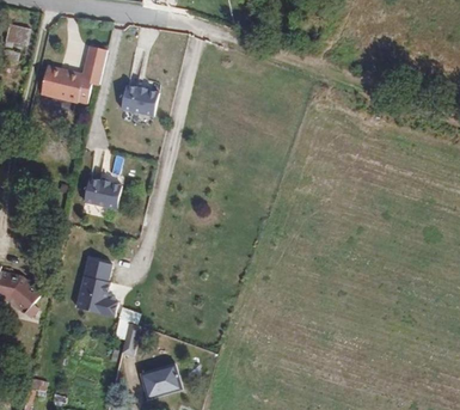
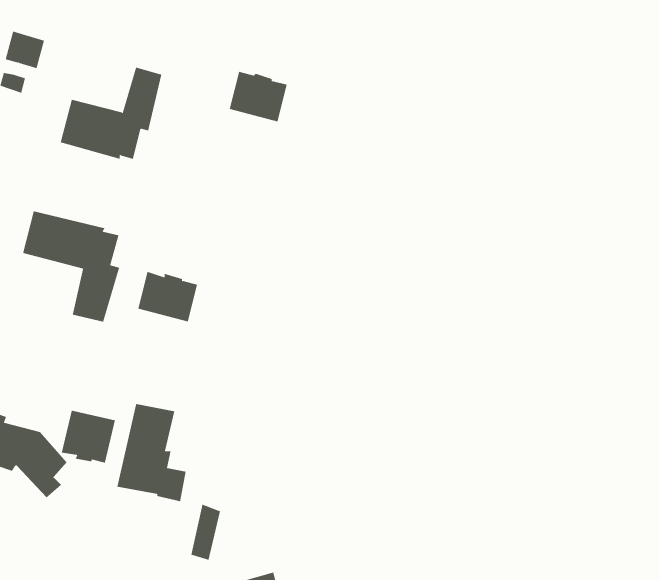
building: [128,80,165,112] -> [229,71,288,122]
building: none -> [22,210,120,323]
building: none -> [61,410,116,463]

